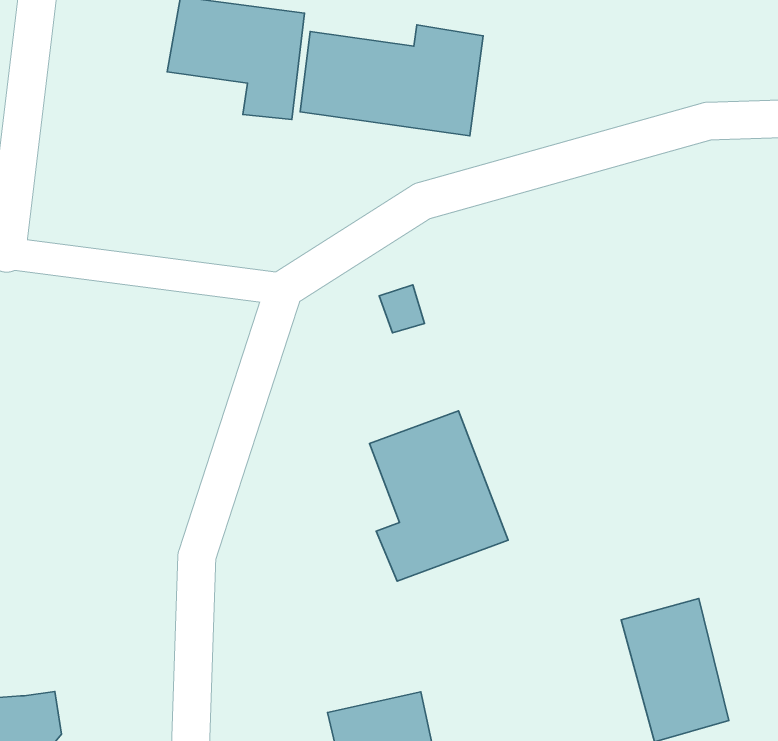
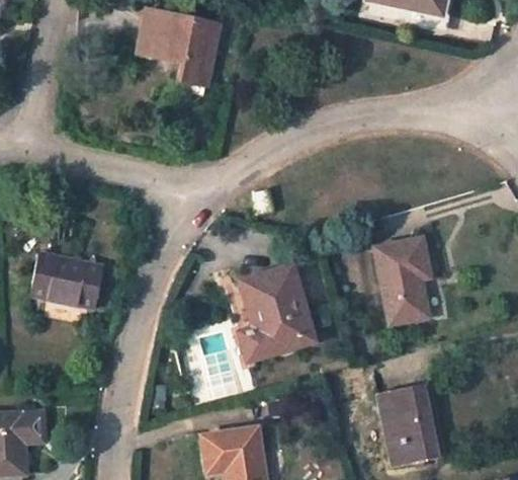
building: [300,25,483,136] -> none
building: none -> [374,238,428,324]
building: none -> [28,252,103,308]

